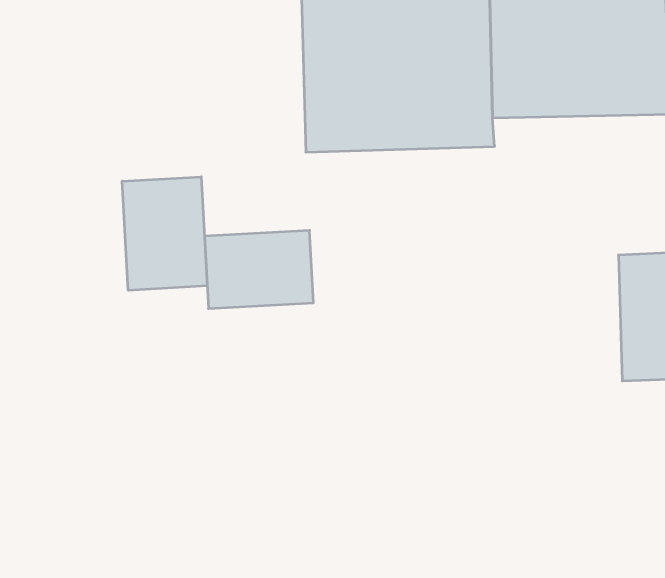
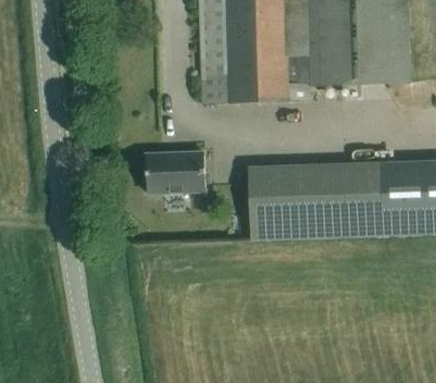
building: [122,177,207,290] -> none
building: none -> [247,162,382,239]

